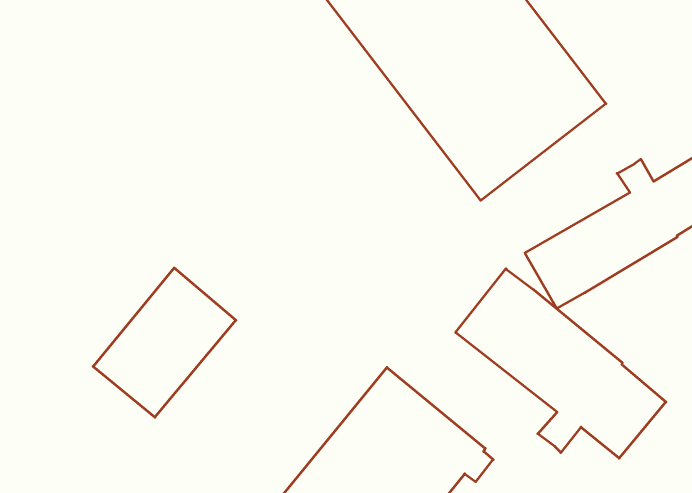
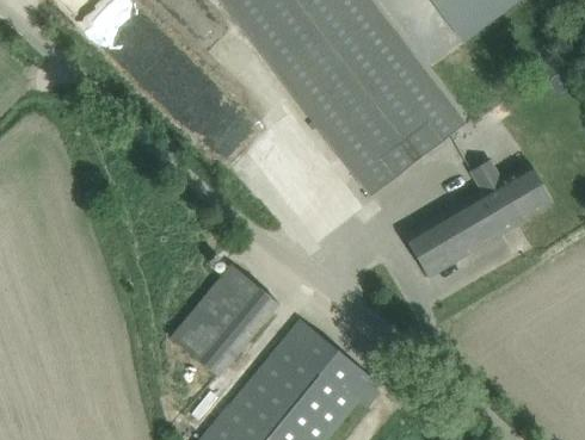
building: [93,268,236,417] -> [171,262,278,374]
building: [456,269,666,458] -> none

